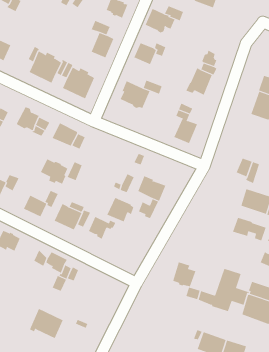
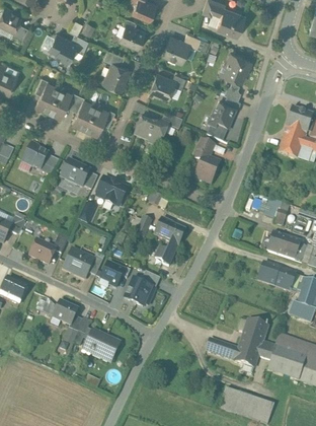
building: none -> [48,33,77,63]
building: none -> [224,52,250,82]
building: [40,158,68,184] -> [96,178,127,206]
building: [106,197,134,222] -> [124,279,154,306]
building: [172,261,196,287] -> none
building: [29,308,63,339] -> [82,330,120,363]

